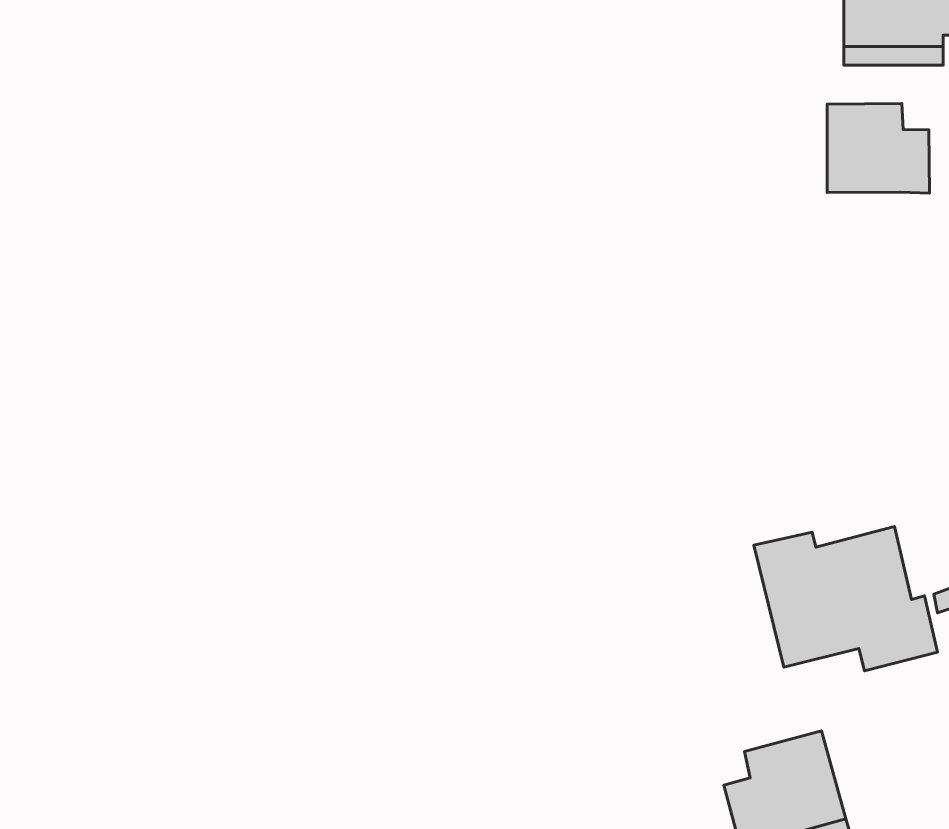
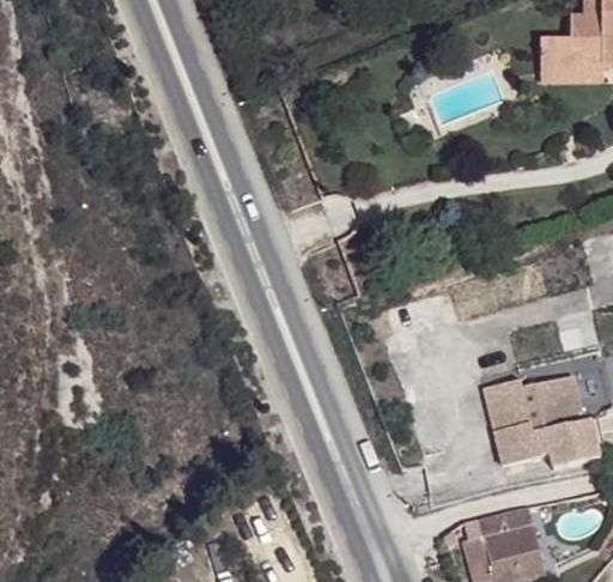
building: [827,104,929,193] -> none

